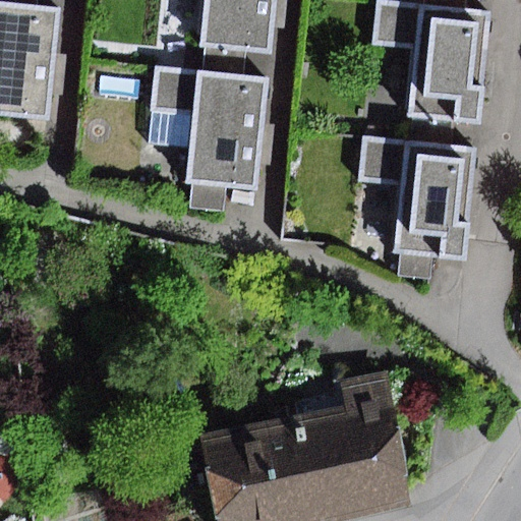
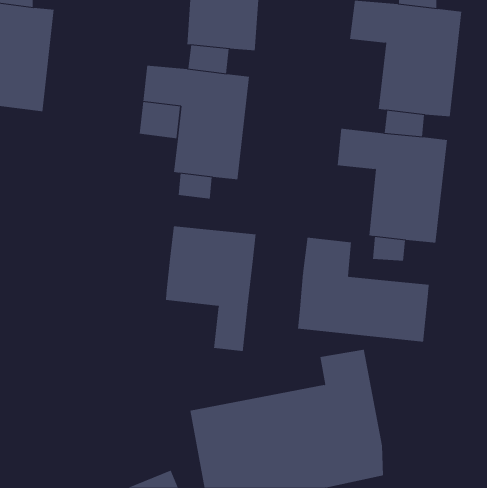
building: none -> [166,226,256,352]
building: none -> [298,237,429,342]

